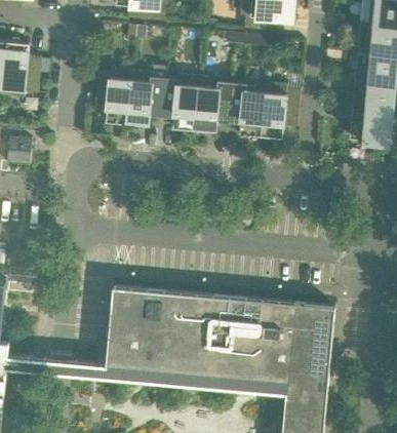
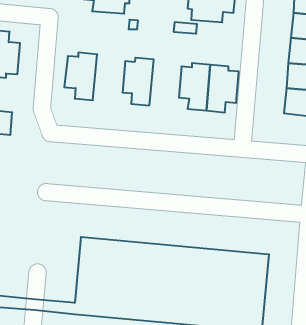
building: [127,64,166,126] -> none
building: [194,76,232,132] -> none

